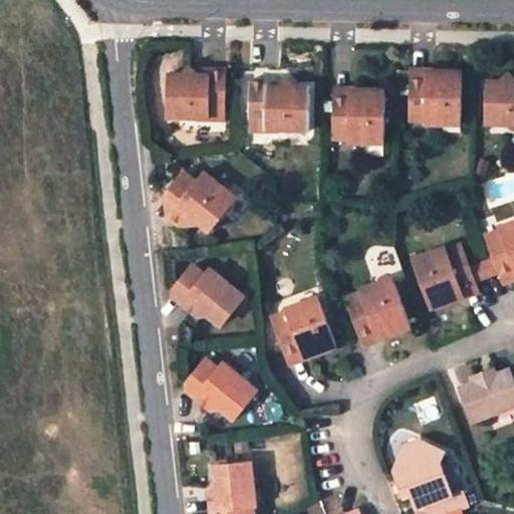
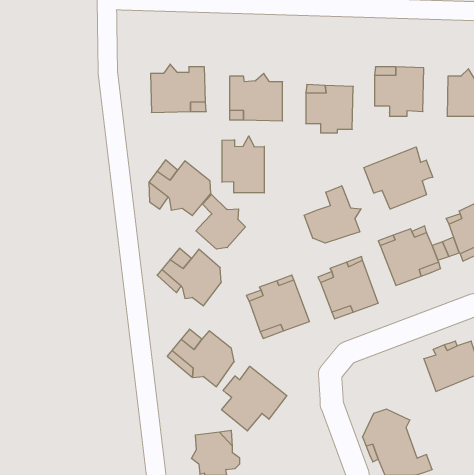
building: none -> [222,136,264,193]
building: none -> [364,147,433,209]
building: none -> [304,186,361,243]
building: none -> [196,195,245,249]
building: none -> [222,366,287,431]

